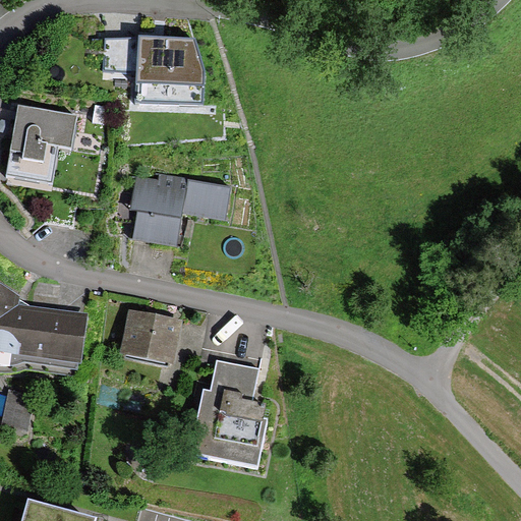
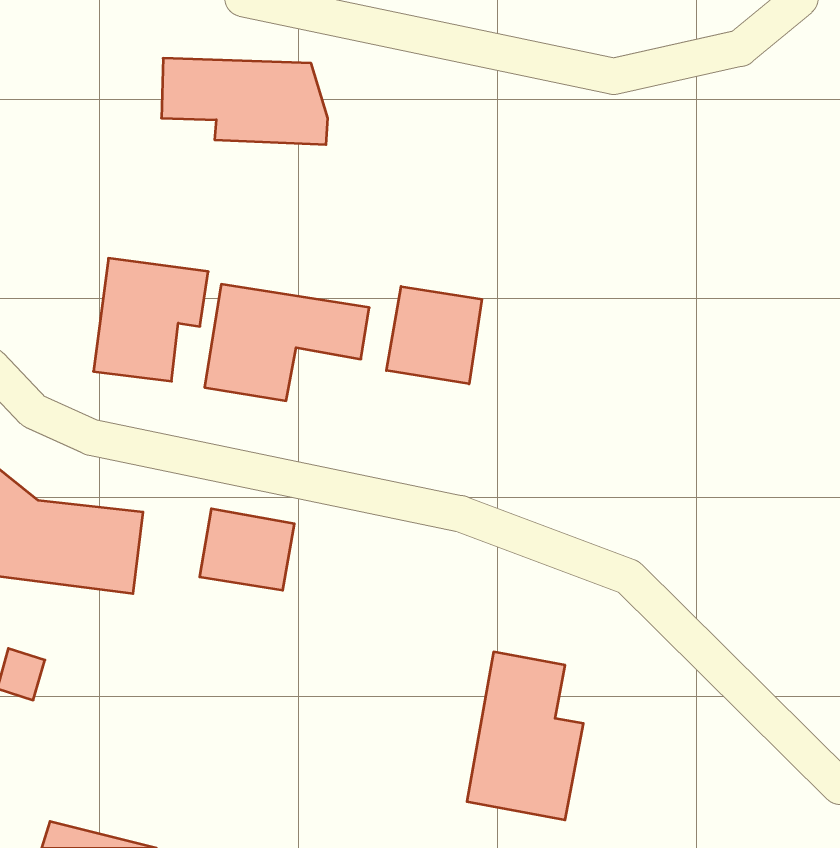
building: [7,105,77,180] -> [93,258,208,381]
building: none -> [386,286,482,384]
building: [197,360,269,463] -> [467,652,583,820]

